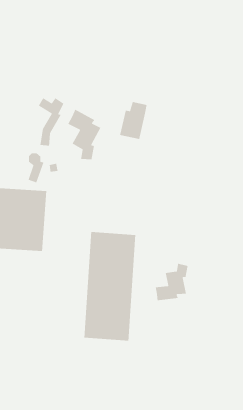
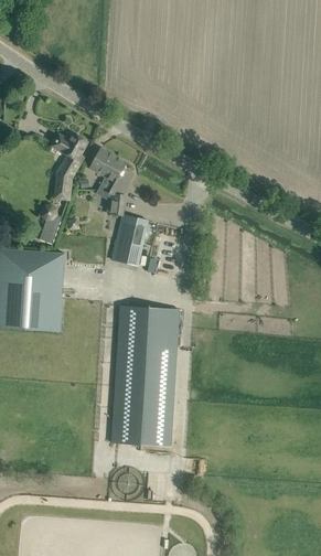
building: [119,101,148,140] -> [111,215,148,265]
building: [155,263,189,301] -> none

